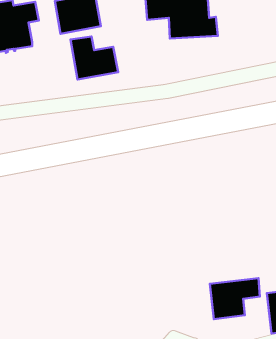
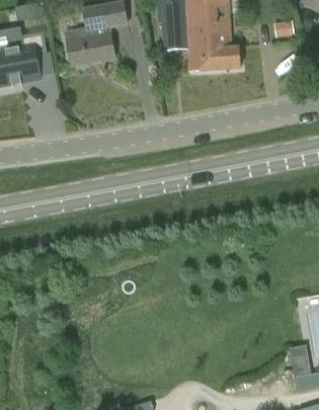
building: [70,36,118,79] -> none
building: [210,278,260,319] -> none

